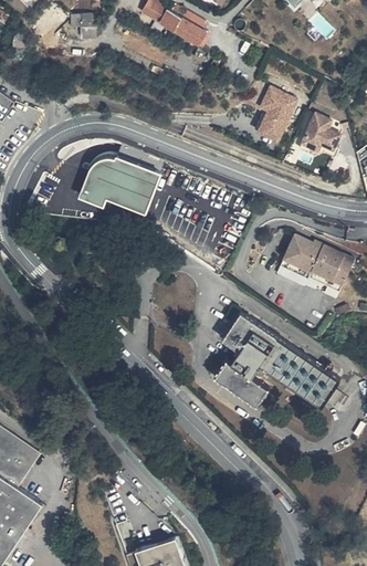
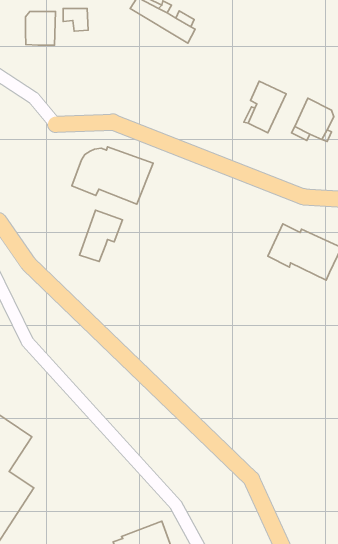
building: none -> [25,12,55,45]
building: none -> [80,210,122,262]
building: [213,316,338,410] -> none

